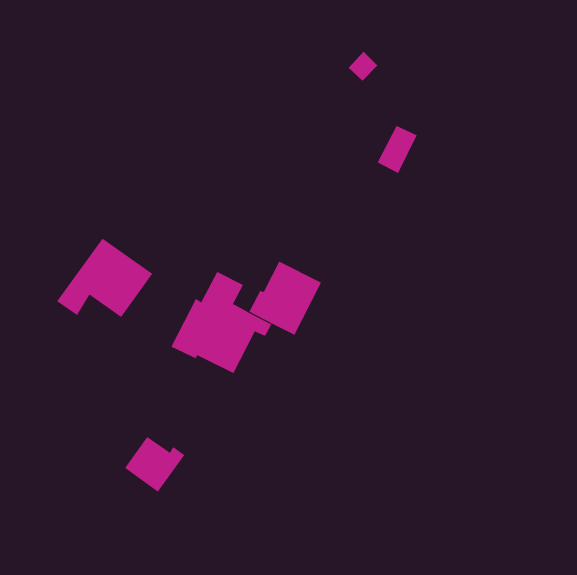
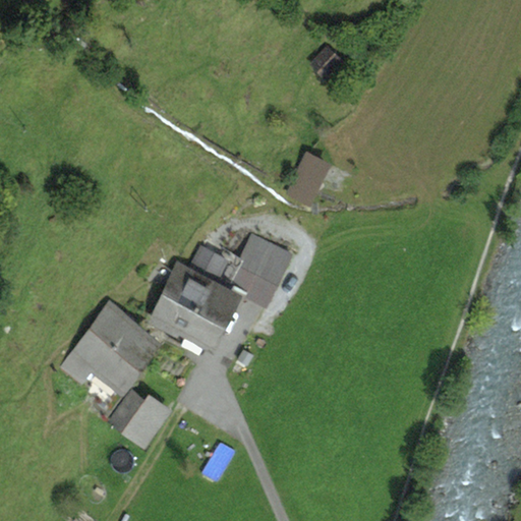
building: [377,125,418,174] -> [289,158,326,201]
building: [56,238,153,318] -> [63,311,151,384]

